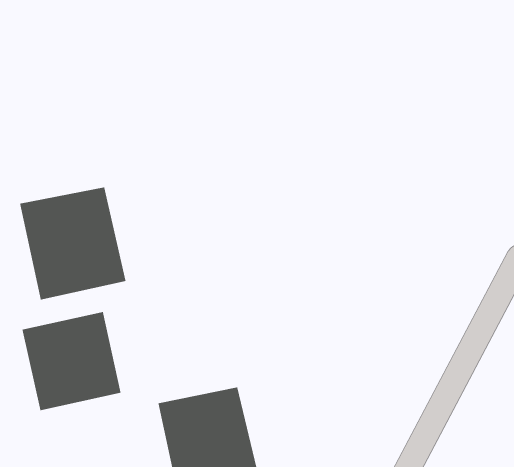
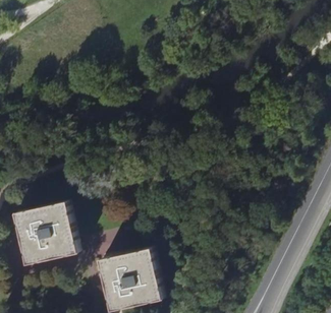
building: [19,187,127,301] -> none

